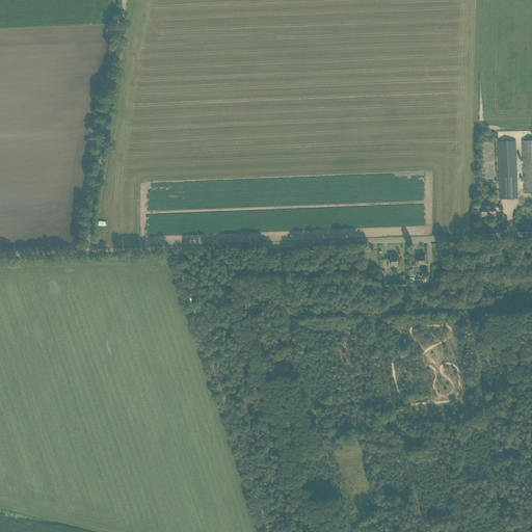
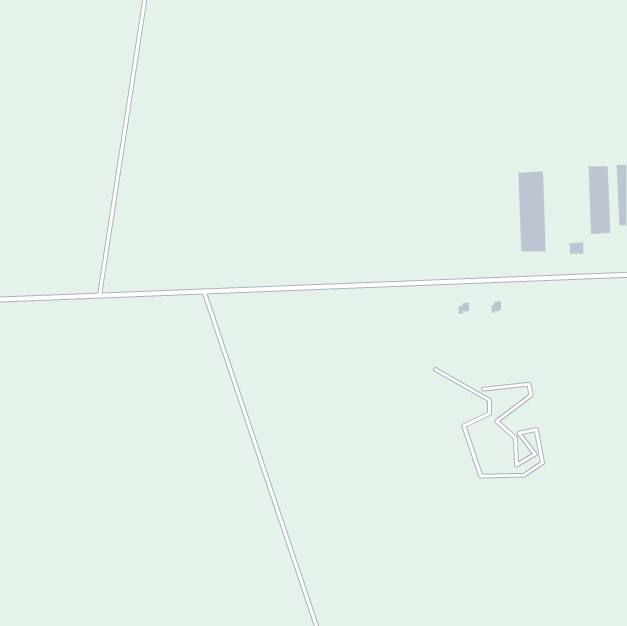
building: none -> [518,170,546,252]

